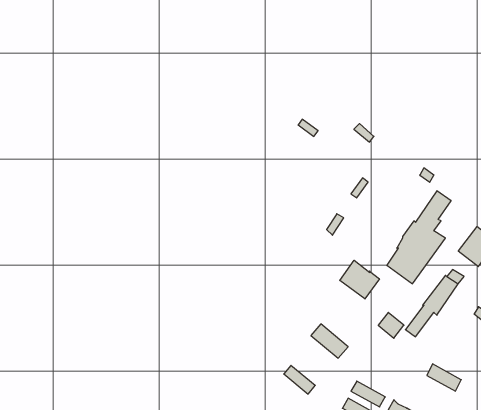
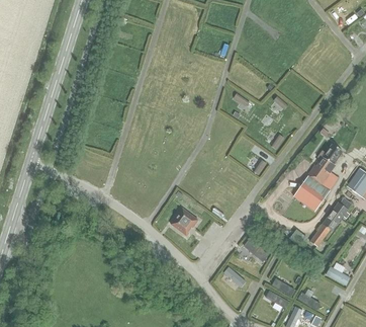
building: [340,260,379,299] -> none
building: none -> [171,208,198,235]

